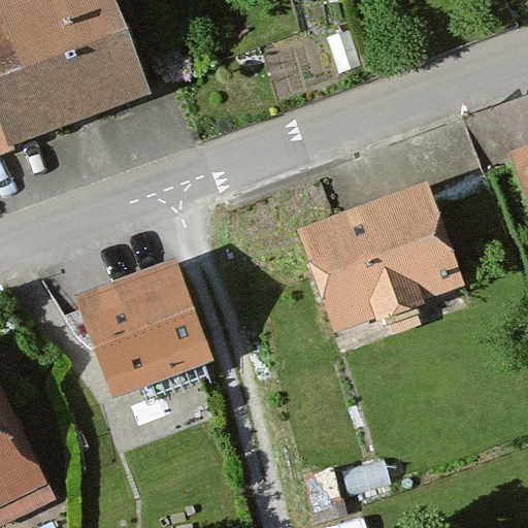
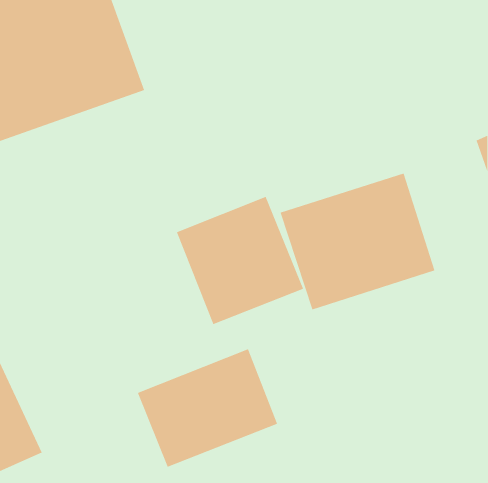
building: [75,261,211,398] -> [176,196,304,325]
building: none -> [137,348,278,468]

